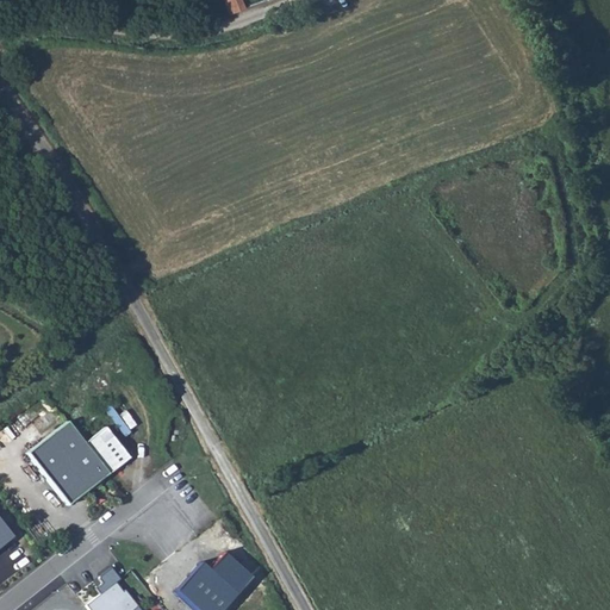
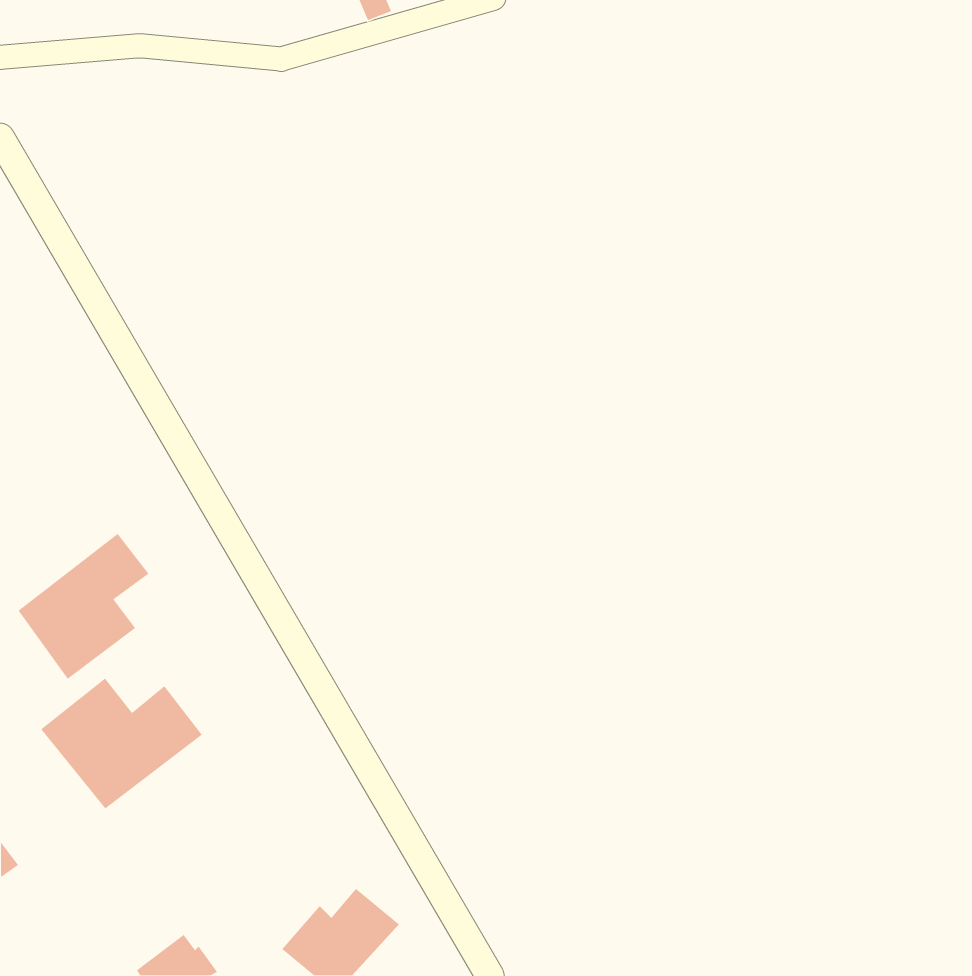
building: none -> [18,533,150,680]

